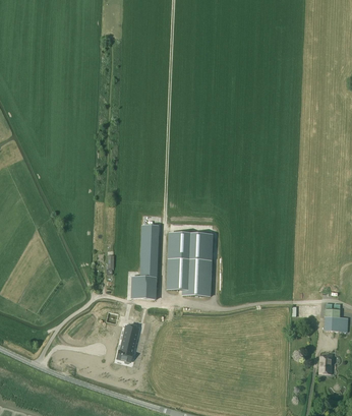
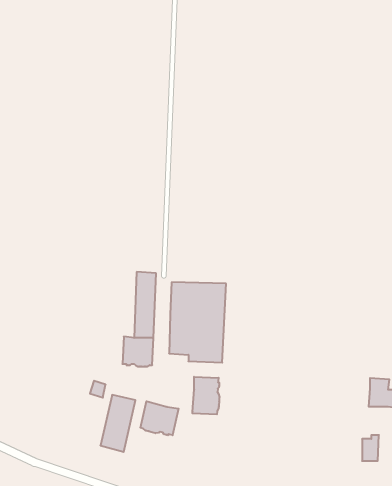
building: none -> [192,377,219,414]
building: none -> [140,401,179,435]

